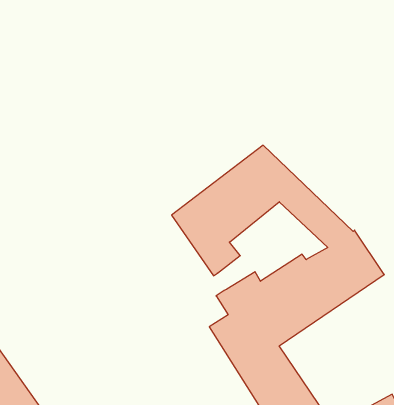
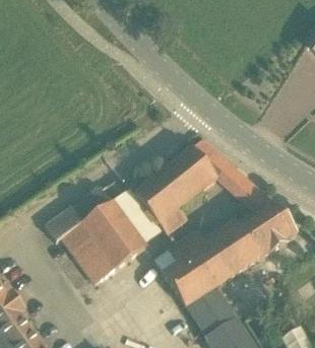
building: none -> [44,187,150,284]

